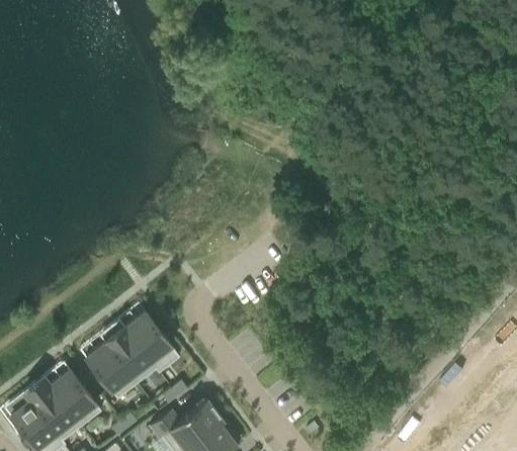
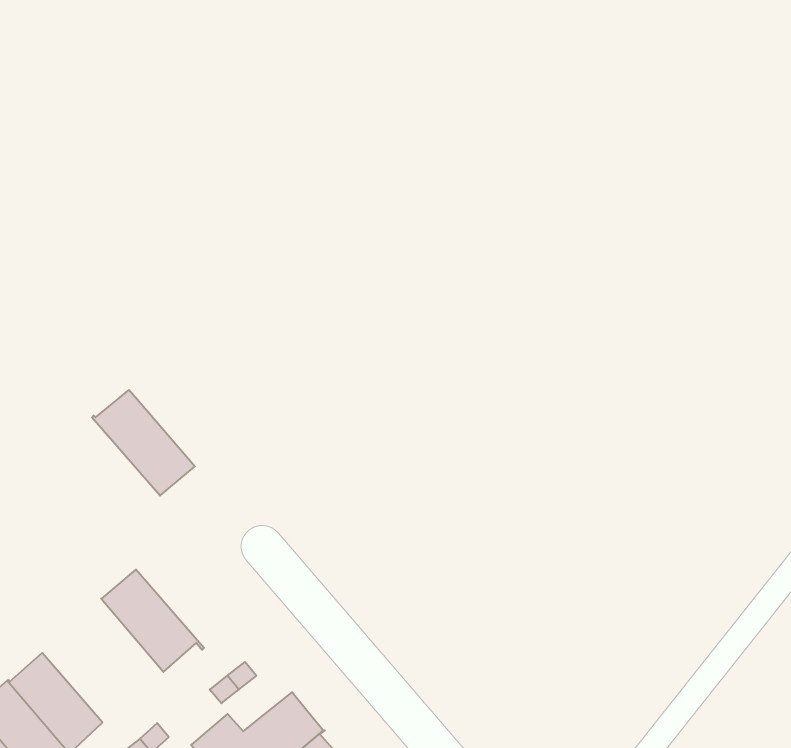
building: [122,310,178,370] -> [92,390,195,496]
building: [84,341,135,396] -> none

